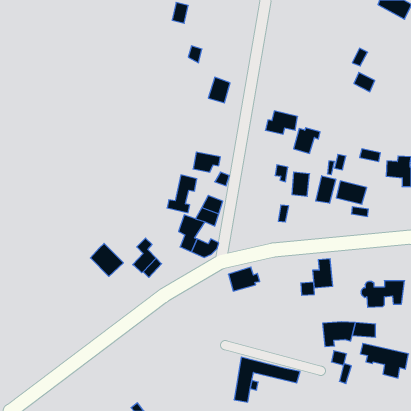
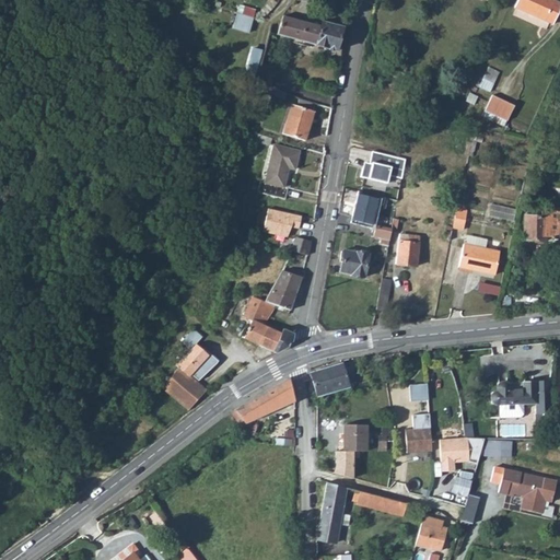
building: none -> [277,16,342,51]
building: [294,128,320,153] -> [349,190,385,225]
building: [167,175,197,213] -> [256,147,296,198]
building: [316,176,336,203] -> none
building: none -> [342,250,369,278]
building: [90,243,123,276] -> [164,361,209,406]
building: [313,259,333,288] -> [405,413,432,453]
building: none -> [235,377,294,423]
building: none -> [335,425,366,476]
building: none -> [418,518,448,551]

